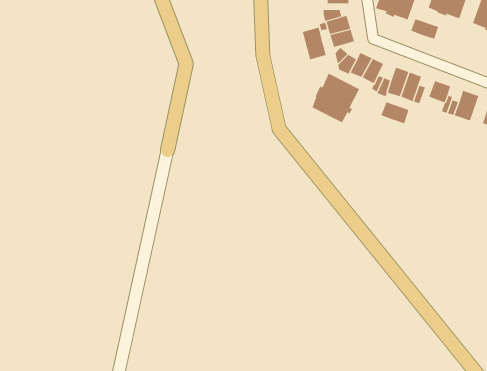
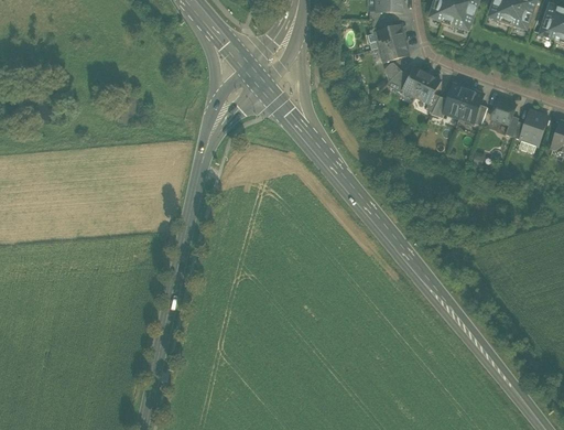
building: [410,19,439,40] -> none
building: [302,27,326,60] -> none
building: [312,73,360,123] -> none
building: [380,102,409,124] -> none

